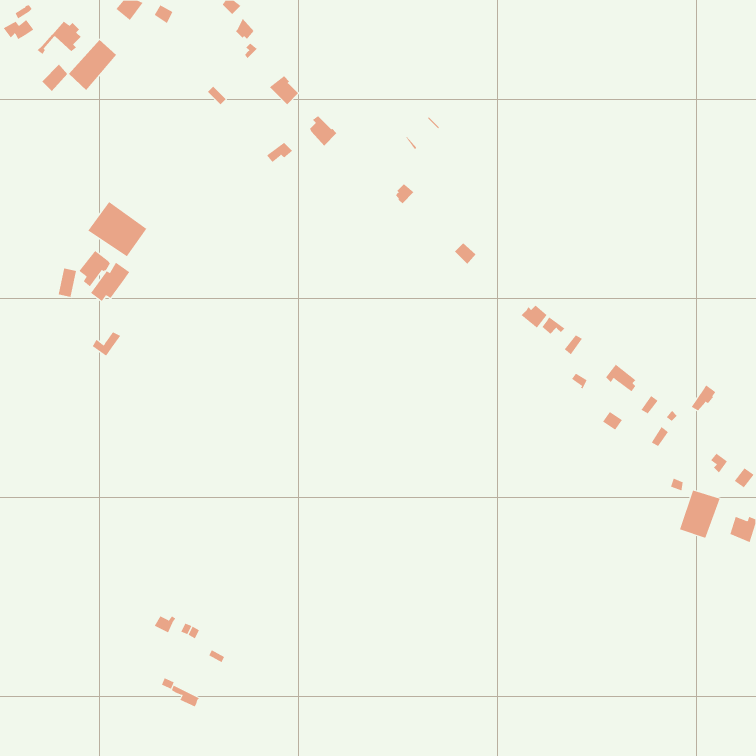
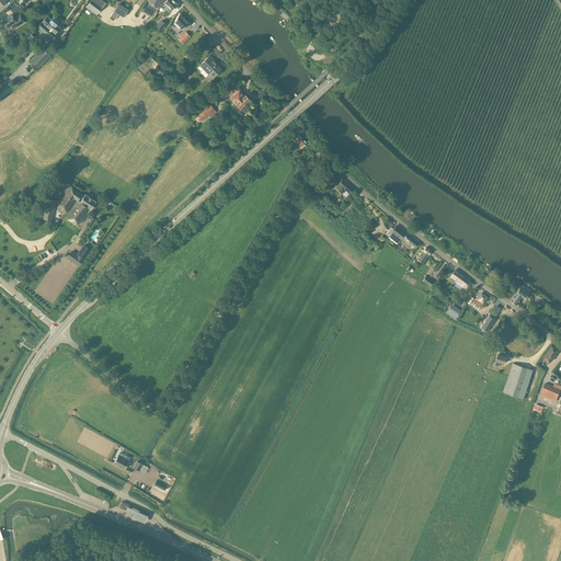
building: [68,39,117,91] -> none
building: [87,201,147,257] -> none

